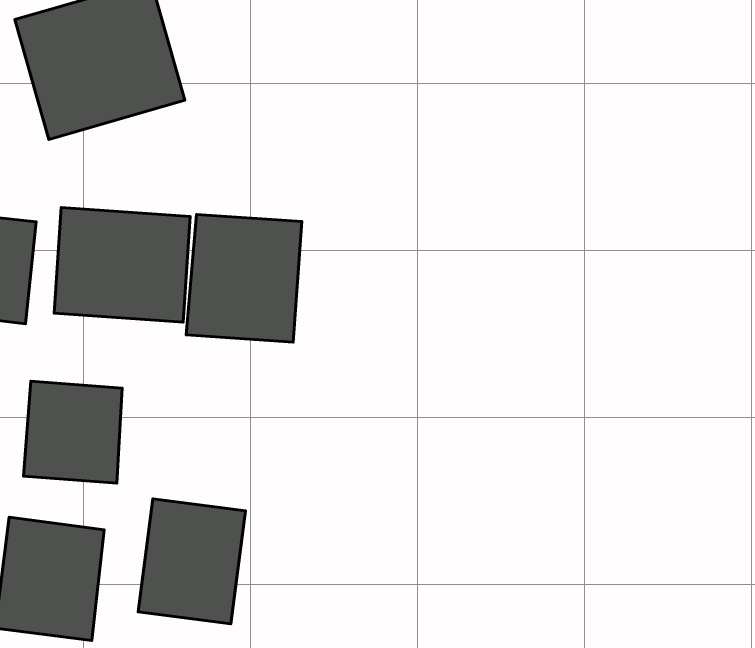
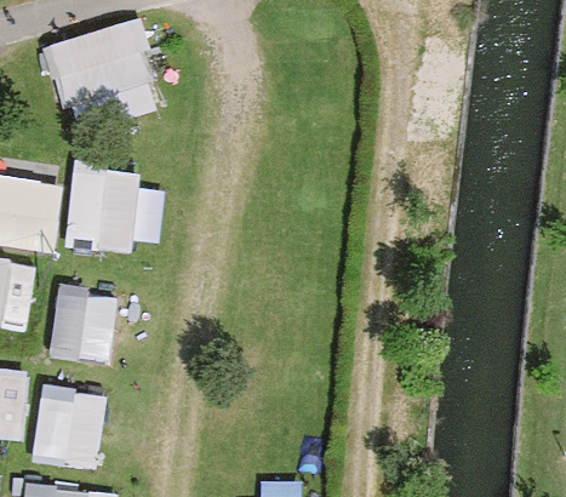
building: [186,215,302,342] -> none
building: [138,499,245,624] -> none

